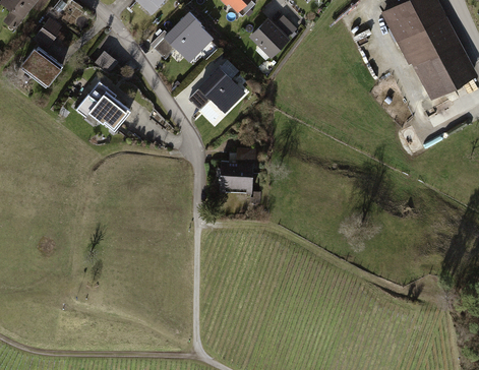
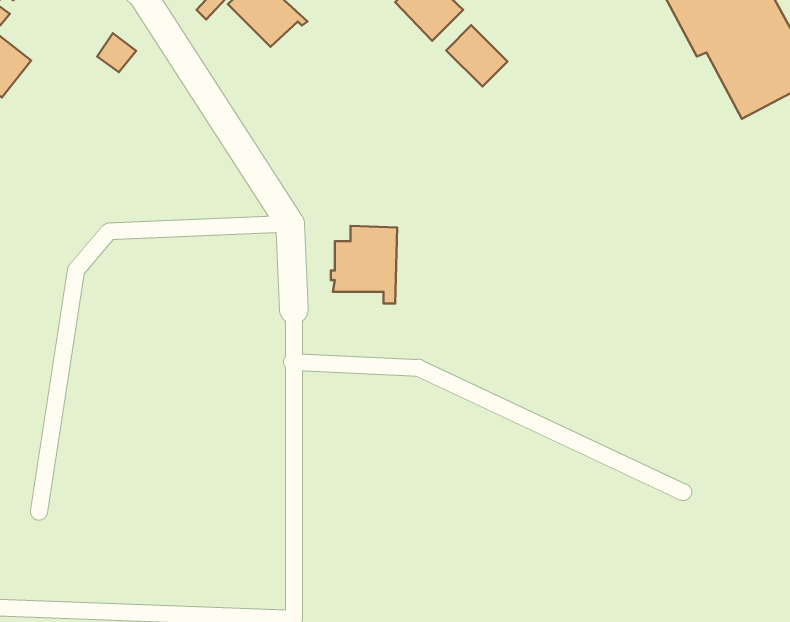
building: none -> [446,25,507,87]
building: [198,62,243,111] -> none
building: [75,82,130,132] -> none

